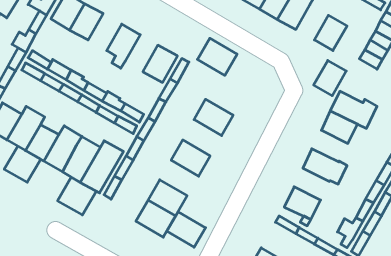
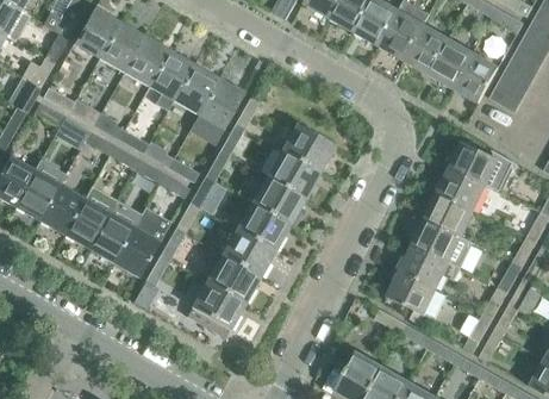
building: none -> [404,24,448,71]
building: none -> [124,36,169,86]
building: none -> [174,64,218,114]
building: [197,38,237,75] -> [282,123,336,173]
building: [314,60,346,96] -> [454,52,498,100]
building: none -> [251,179,304,227]
building: none -> [425,193,474,236]
building: [4,146,41,182] -> none
building: none -> [401,244,461,287]
building: [58,177,96,215] -> none
building: [167,212,206,247] -> [220,233,273,281]

